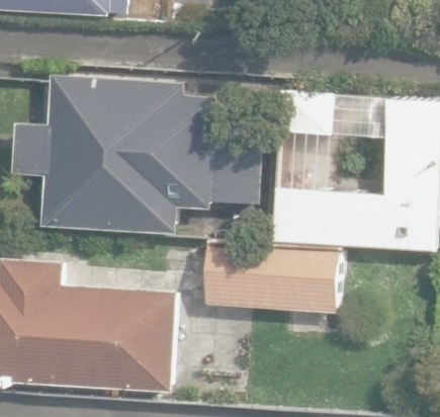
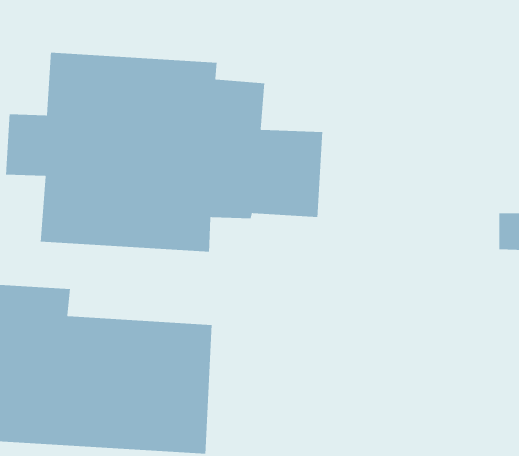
building: [317,106,399,241] -> none
building: [203,241,338,314] -> none

